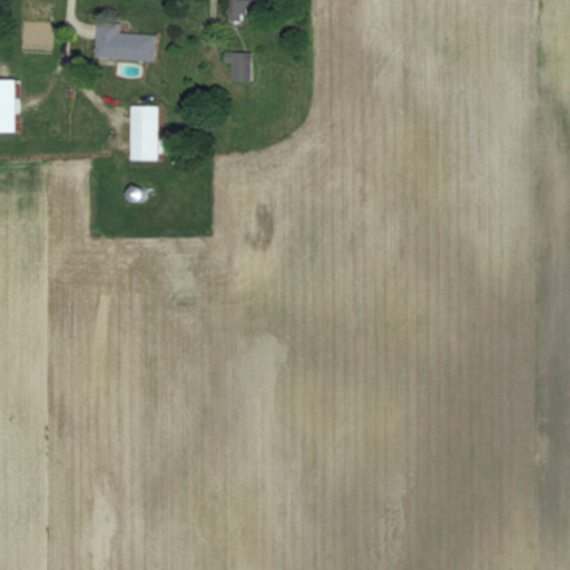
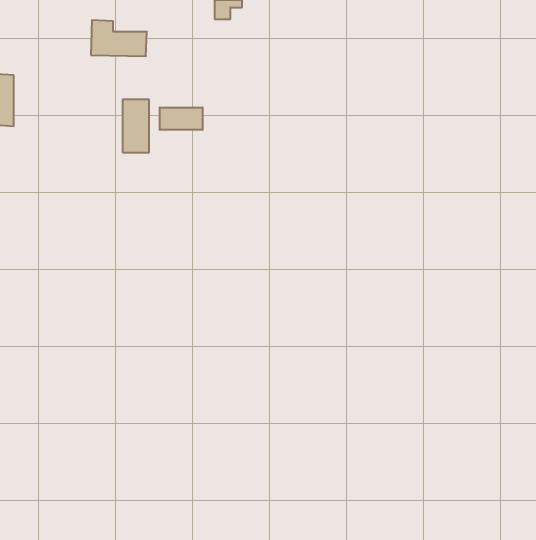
building: [223,53,248,82] -> none
building: none -> [160,107,203,130]

